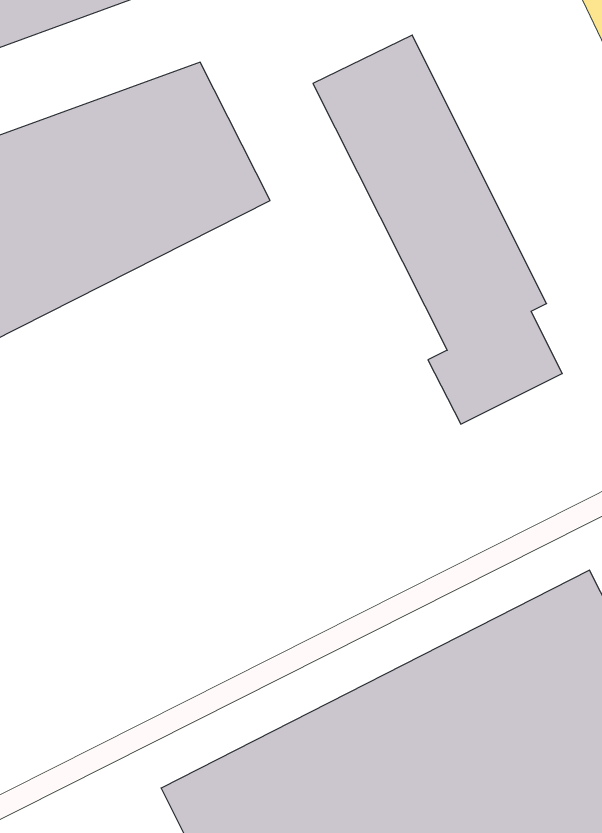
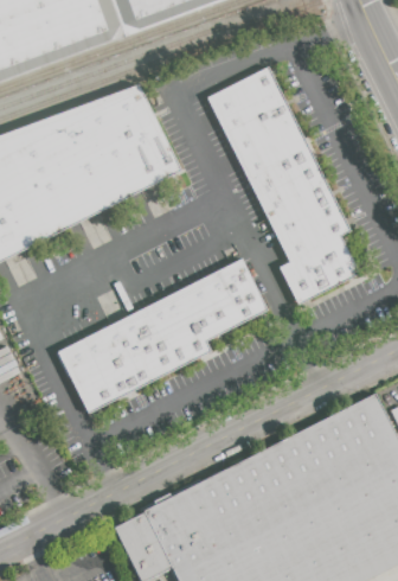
building: none -> [57,260,267,413]

